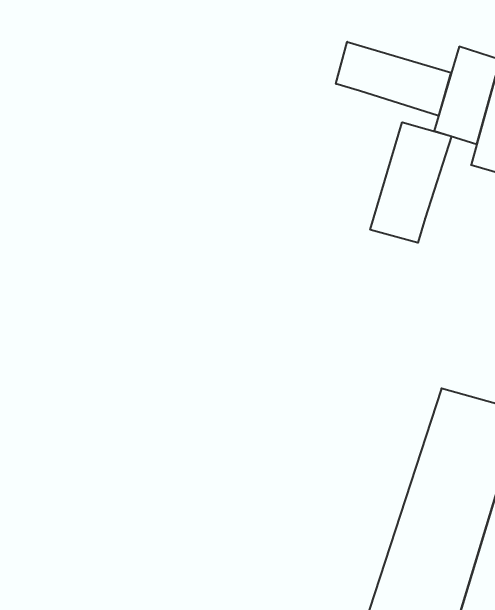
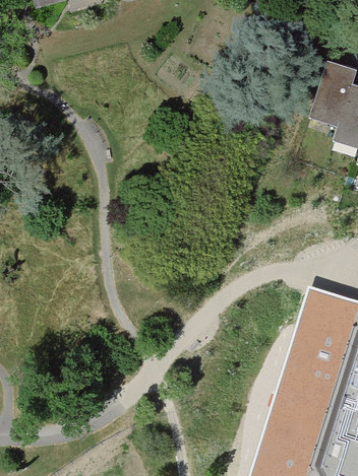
building: [336,42,451,116] -> none
building: [370,122,451,243] -> none

